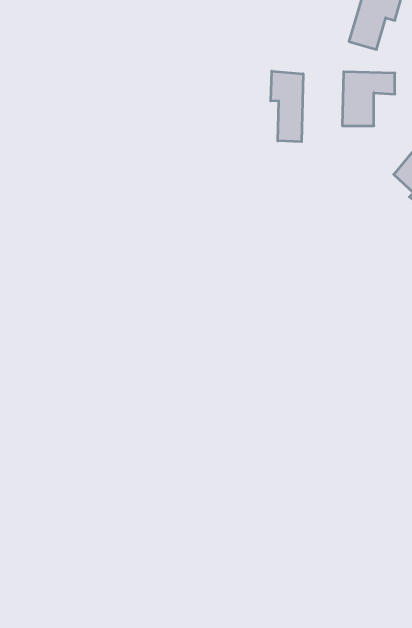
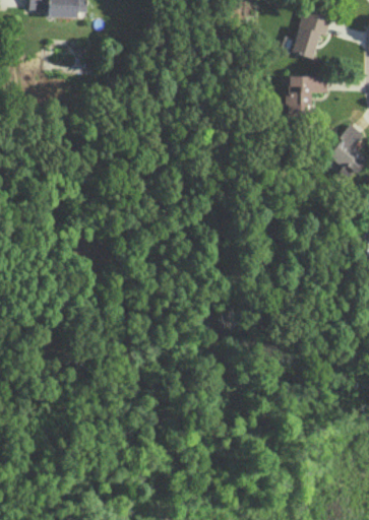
building: [271,71,303,142] -> none

